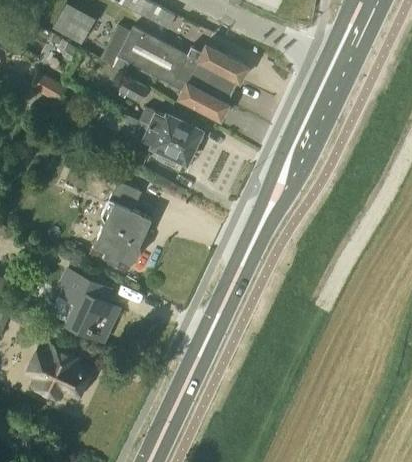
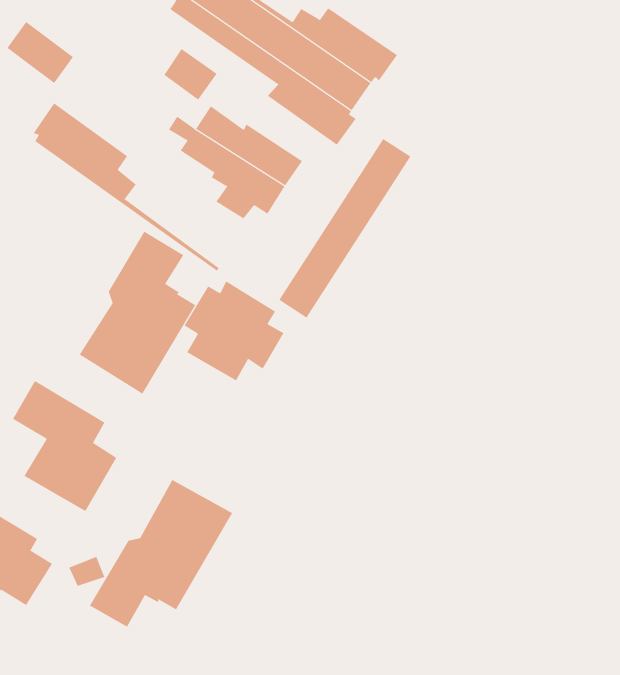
building: none -> [279,138,411,318]
building: none -> [33,102,219,271]
building: none -> [184,281,284,381]
building: none -> [89,479,233,628]

